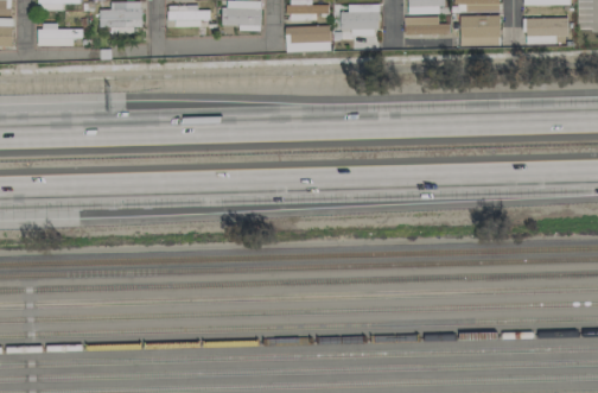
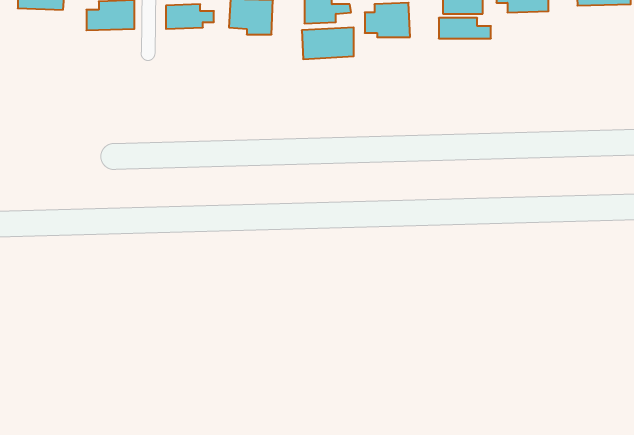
building: [460,15,501,46] -> none
building: [526,18,568,44] -> none
building: [39,23,75,45] -> none

